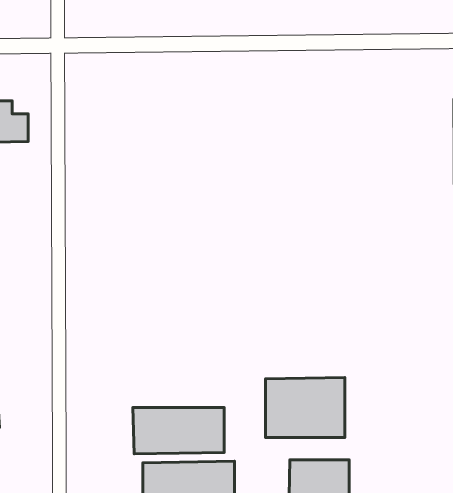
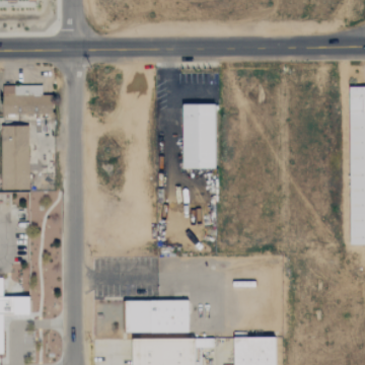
building: none -> [182,103,220,171]
building: [266,377,345,437] -> none

